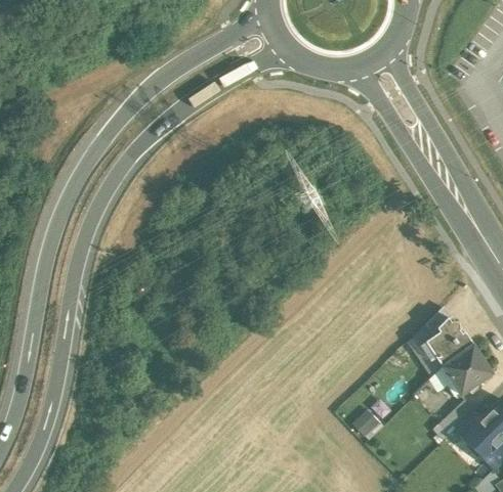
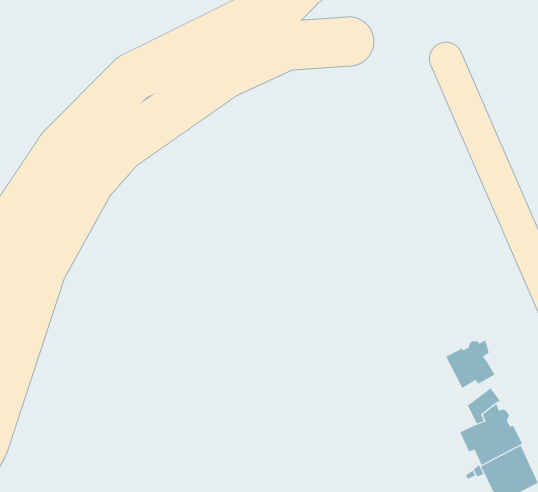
building: none -> [446,339,495,389]

